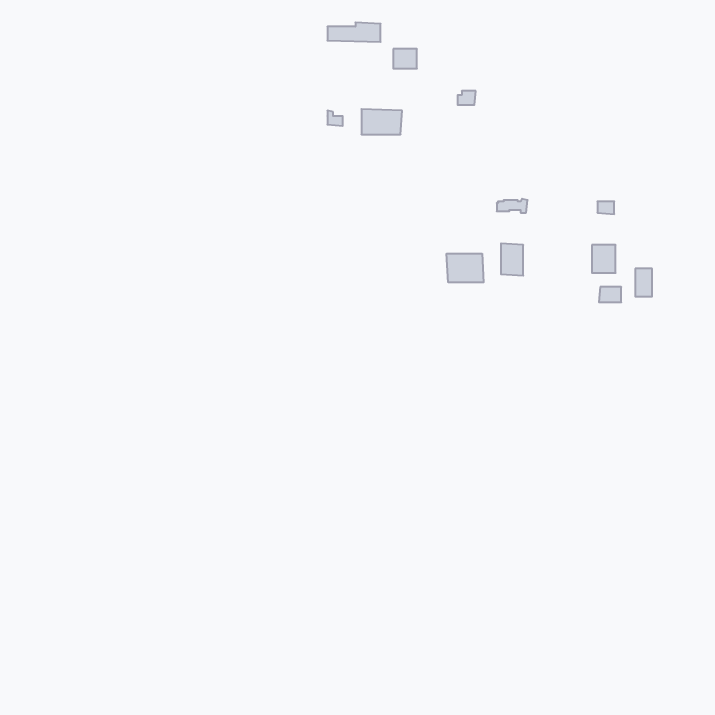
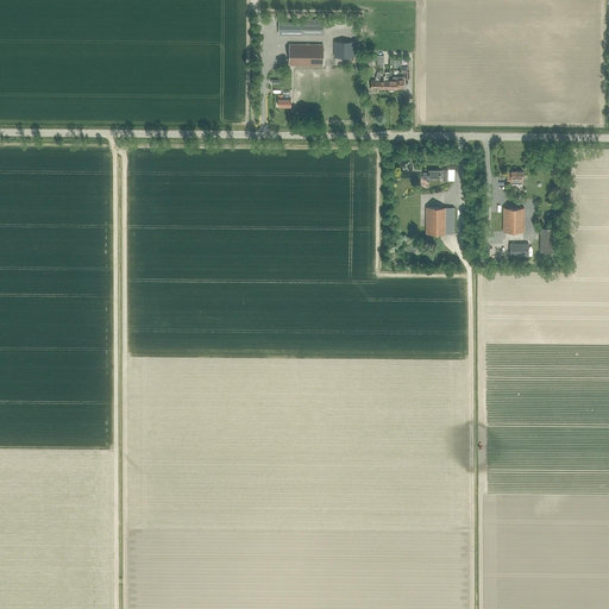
building: [361,109,402,134] -> [289,44,324,65]
building: [447,254,484,282] -> none

